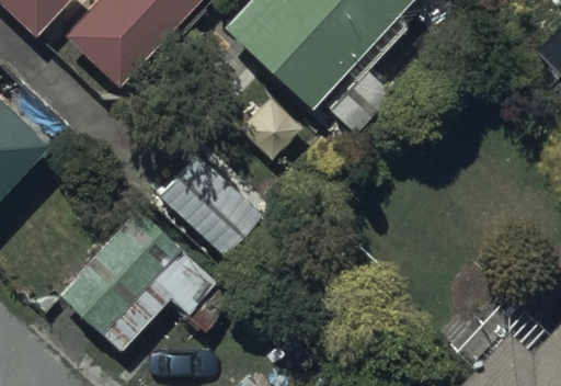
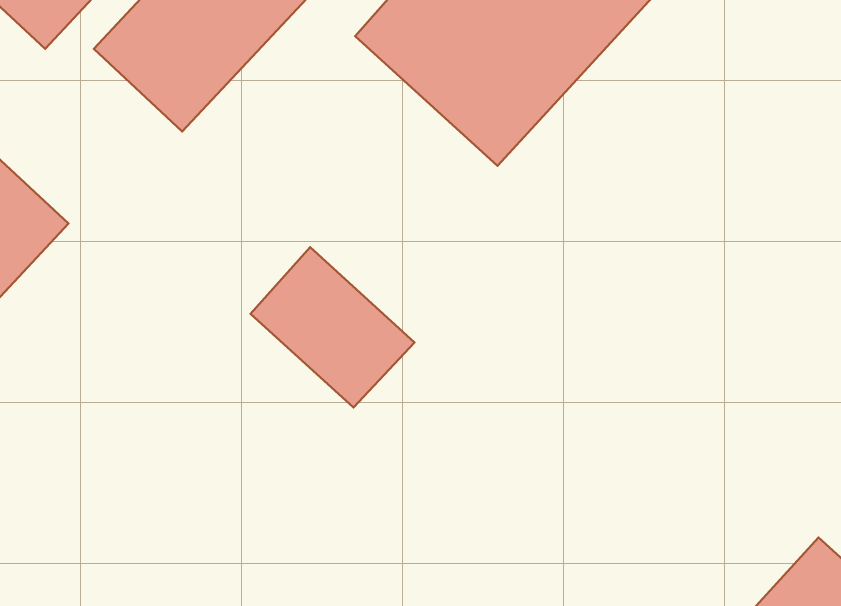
building: [61,211,218,352] -> none

